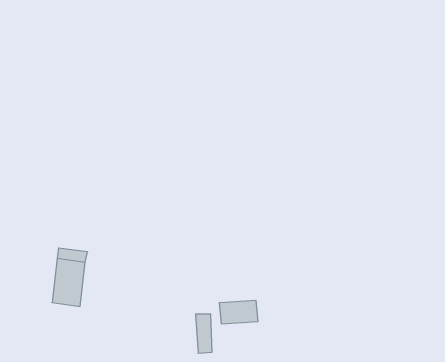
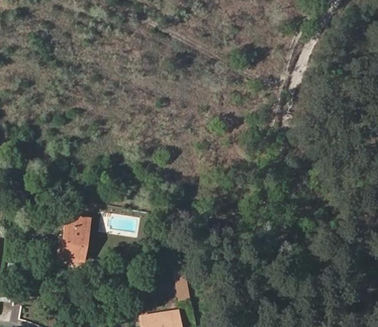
building: [220,300,258,324] -> none

